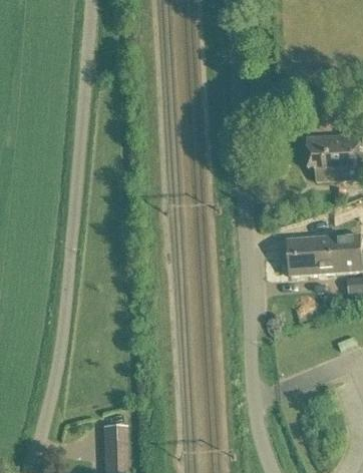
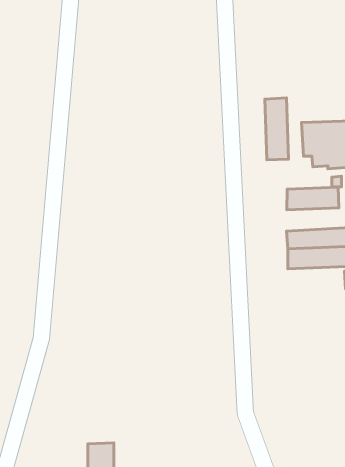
building: none -> [265,98,289,160]
building: none -> [287,187,339,210]

